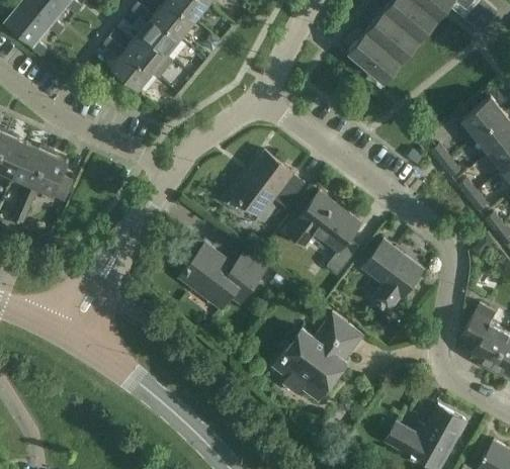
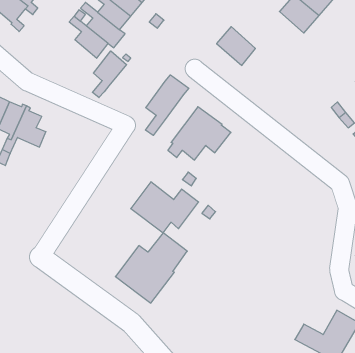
building: [348,31,397,80] -> [217,27,255,65]
building: none -> [92,51,127,98]
building: none -> [145,75,189,135]
building: [287,191,361,274] -> none
building: [363,241,423,312] -> none
building: [273,312,363,400] -> [115,233,187,303]

